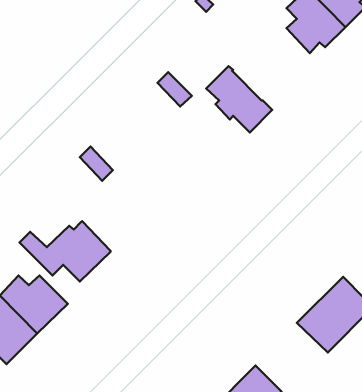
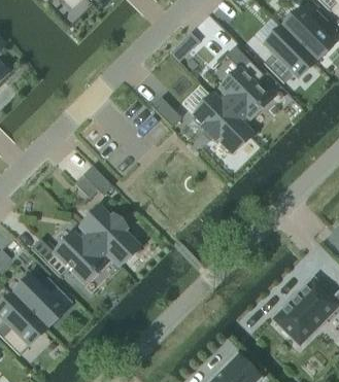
building: none -> [215,45,268,125]
building: none -> [79,207,137,265]

